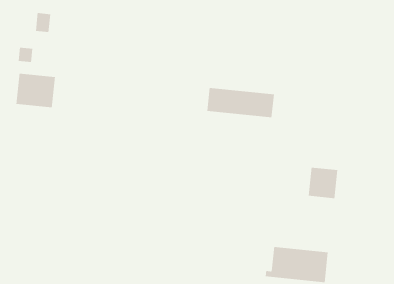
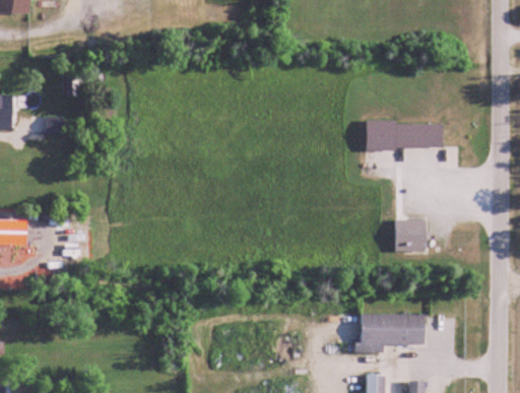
building: [16,73,55,108] -> none
building: [206,87,275,118] -> [366,121,442,148]

